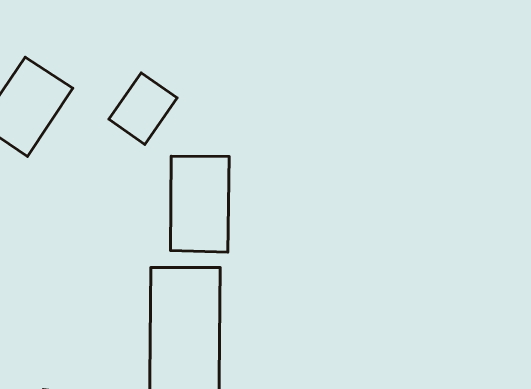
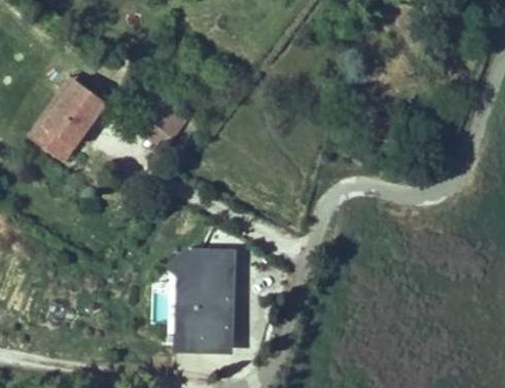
building: [170,156,229,252] -> none

